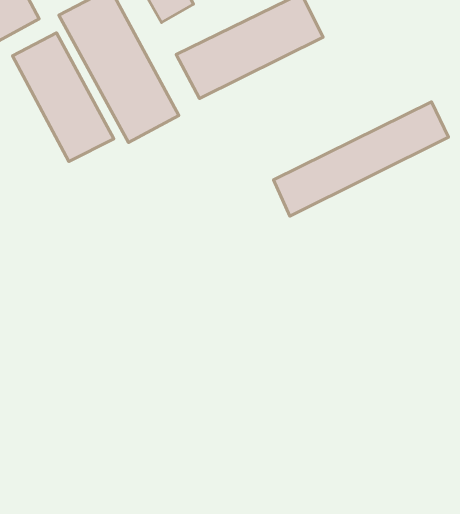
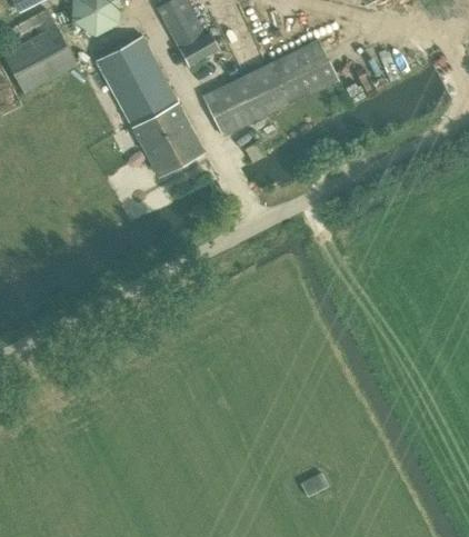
building: [13,33,114,162] -> none
building: [274,102,449,216] -> none

